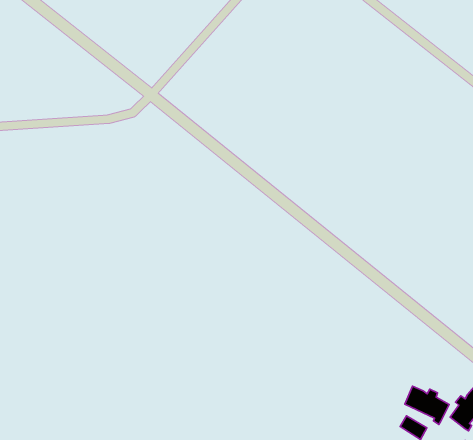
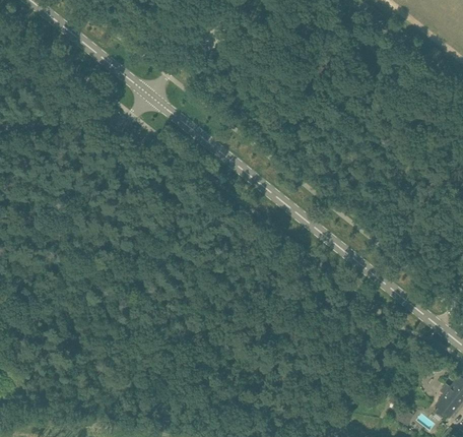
building: [405,386,449,425] -> none

